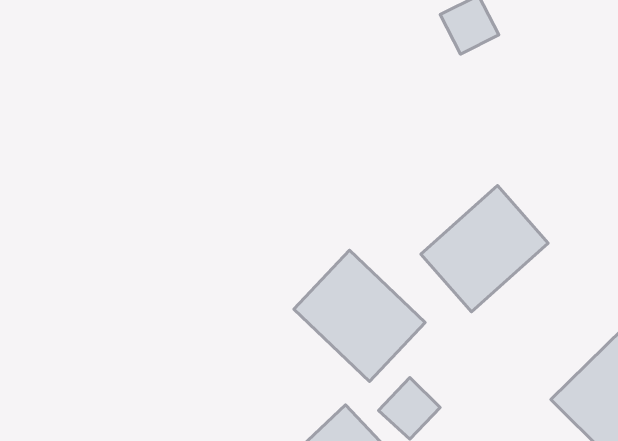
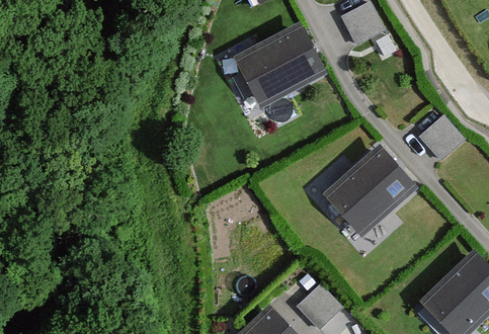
building: none -> [234,21,327,108]
building: none -> [417,116,462,161]
building: [294,250,425,382] -> none

